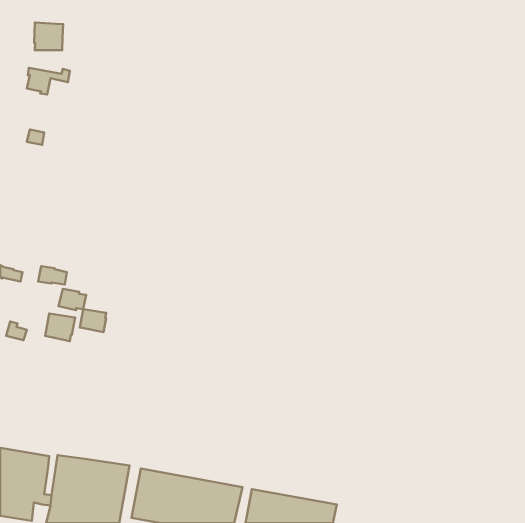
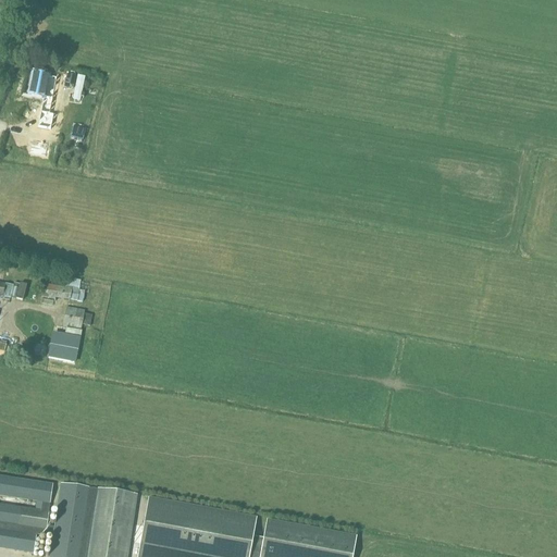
building: [34,23,63,50] -> none
building: [80,309,106,332] -> none

